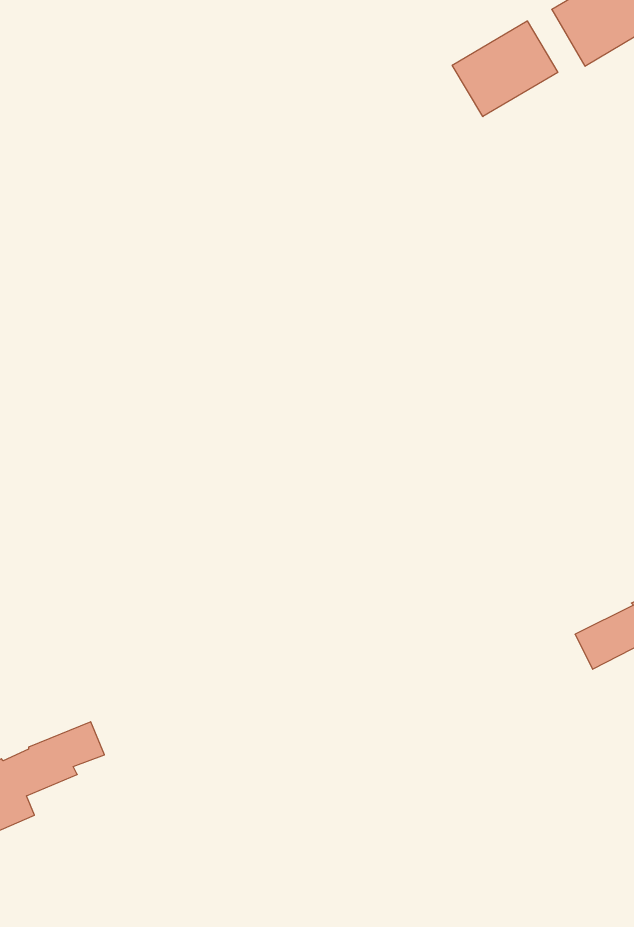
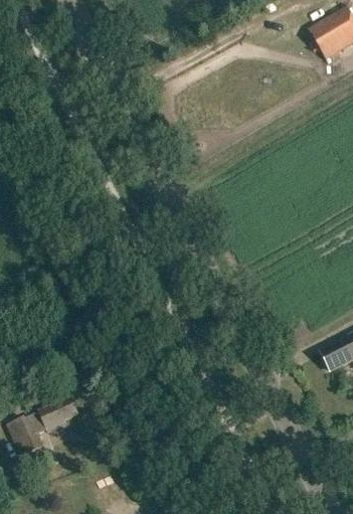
building: [452,21,558,117] -> none

